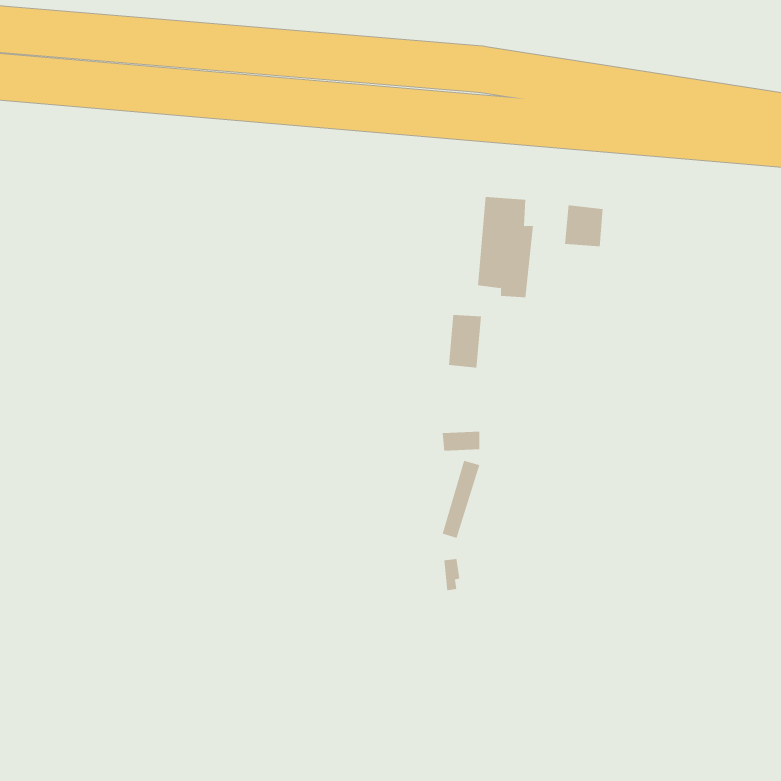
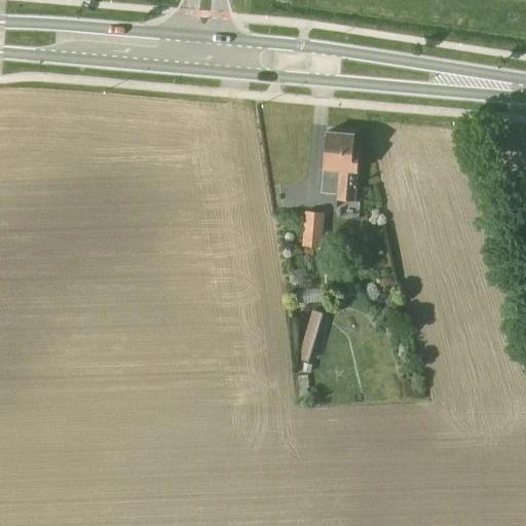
building: [565,205,603,247] -> none

